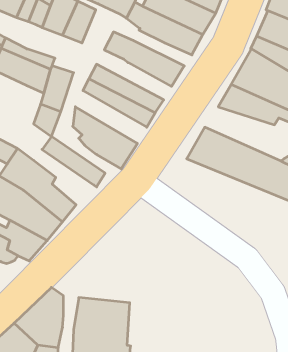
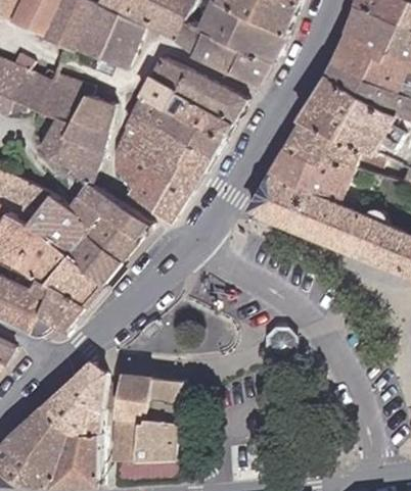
building: none -> [142,79,232,139]
building: none -> [39,121,79,167]
building: none -> [117,128,202,191]
building: none -> [272,147,356,202]
building: none -> [66,198,139,264]

